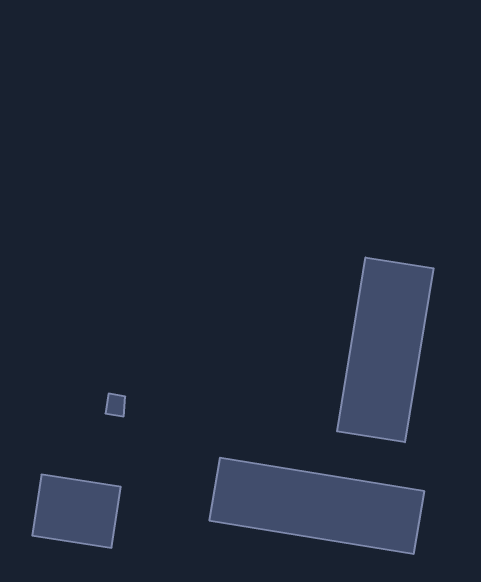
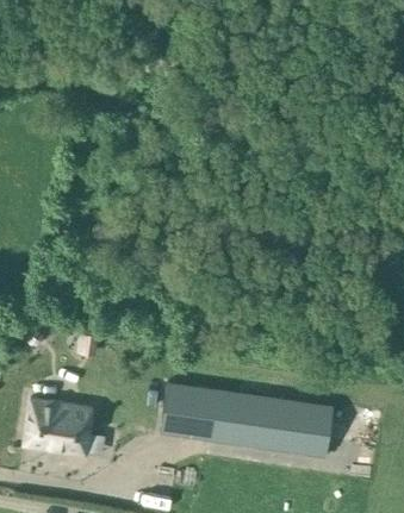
building: [337,257,434,442] -> none

